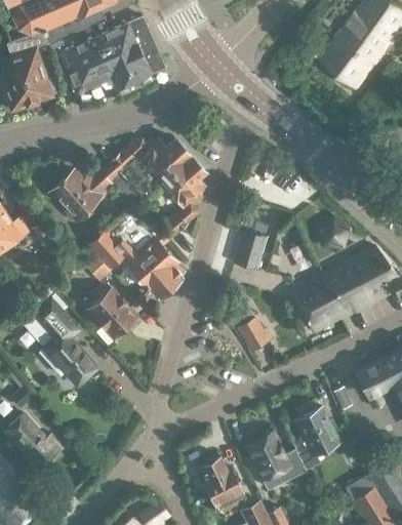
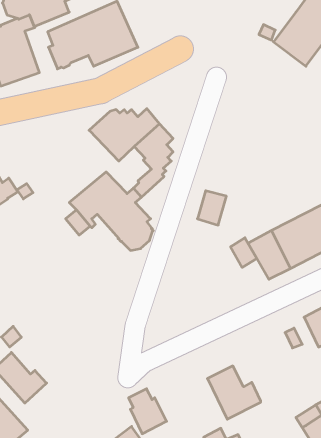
building: [48,162,145,218] -> none
building: [87,286,139,339] -> none
building: [28,288,98,387] -> none
building: [239,317,269,351] -> [231,238,257,267]
building: [292,406,339,470] -> none
building: [200,455,243,507] -> [129,389,167,434]

